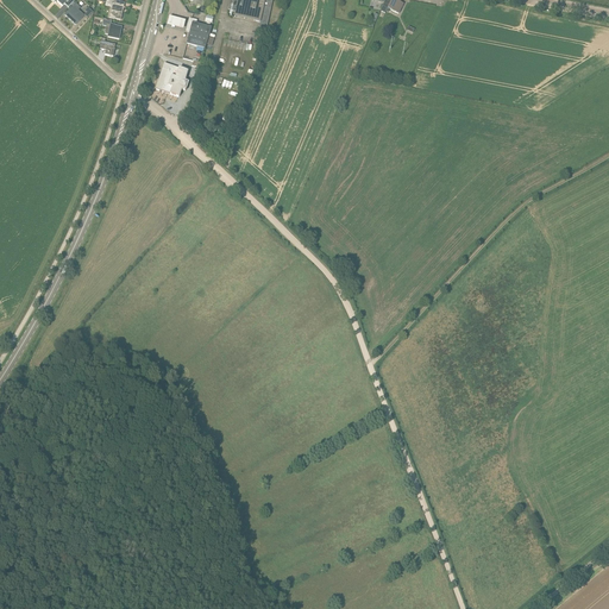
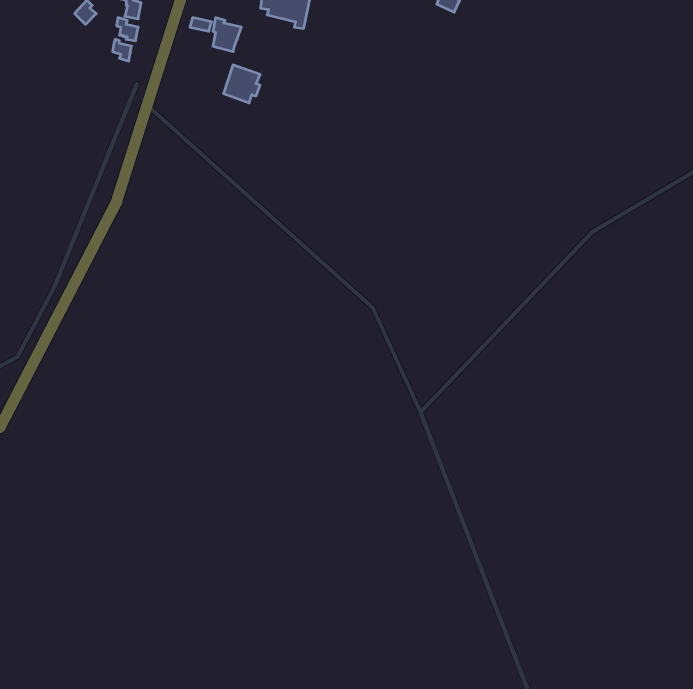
building: [156,61,188,94] -> [223,65,260,103]

